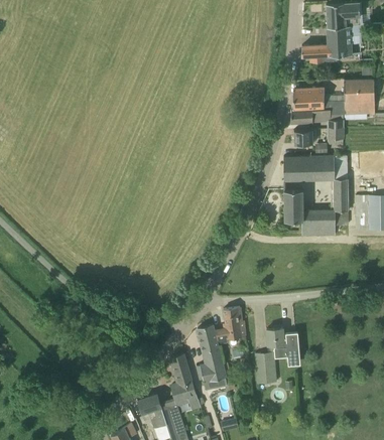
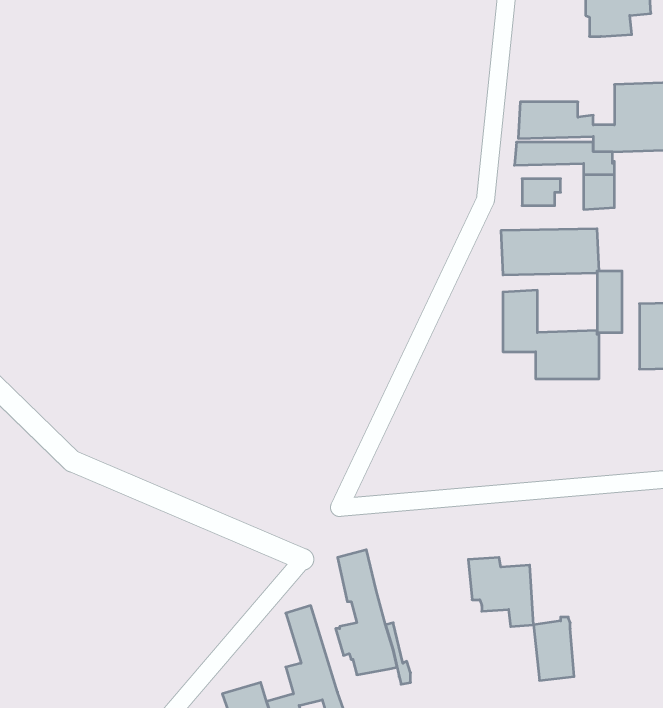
building: [301,44,336,62] -> none
building: [215,307,246,345] -> none
building: [254,350,275,384] -> [534,617,574,680]

